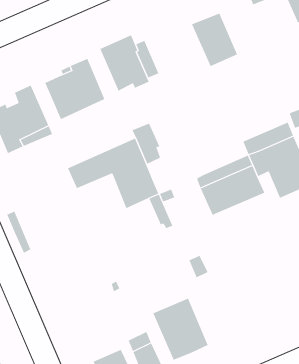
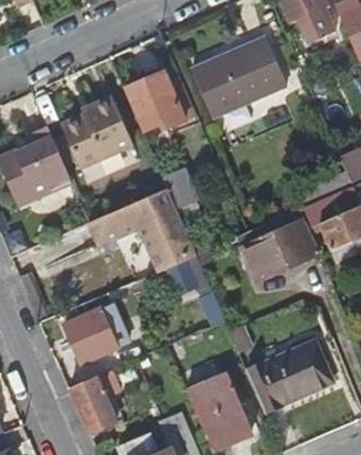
building: none -> [192,55,254,120]
building: none -> [62,303,124,362]
building: none -> [246,343,328,410]
building: none -> [68,370,116,433]

